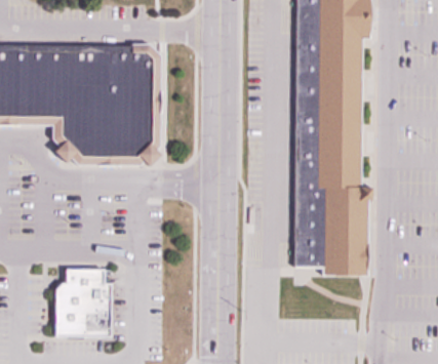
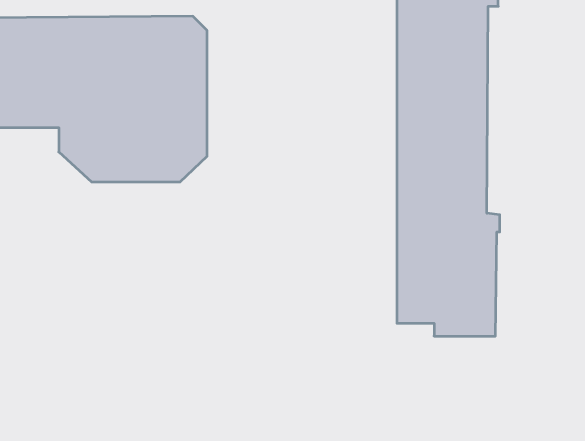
building: [53,268,109,334] -> none

